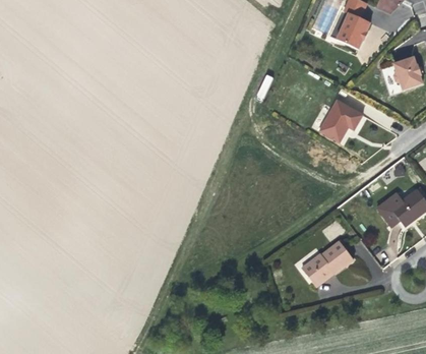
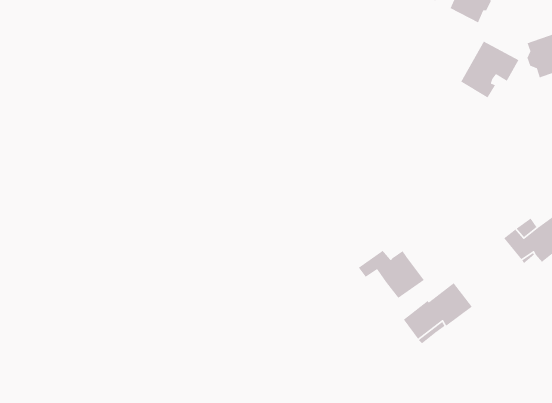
building: [319,100,363,142] -> [460,41,519,98]
building: none -> [358,250,425,299]

